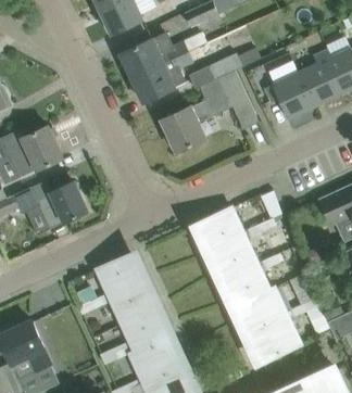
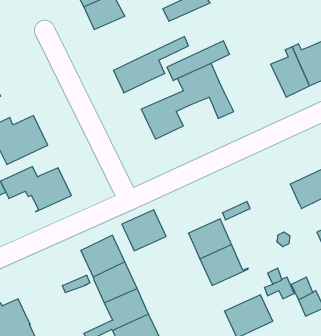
building: [120,31,206,78] -> none
building: [264,72,314,118] -> none
building: [198,207,244,251] -> [122,210,166,251]
building: [236,289,287,333] -> none

